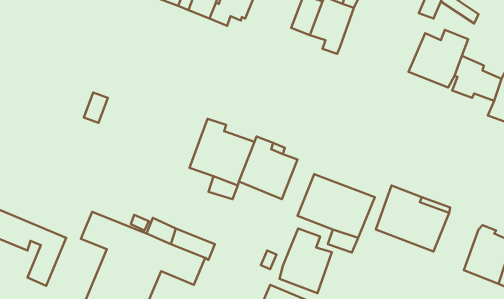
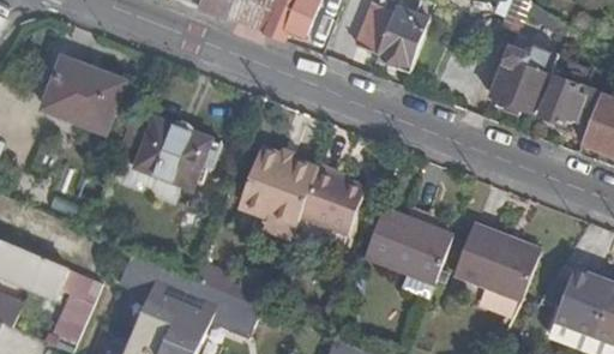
building: none -> [43,58,124,132]
building: none -> [114,118,221,203]
building: [280,228,332,293] -> none

